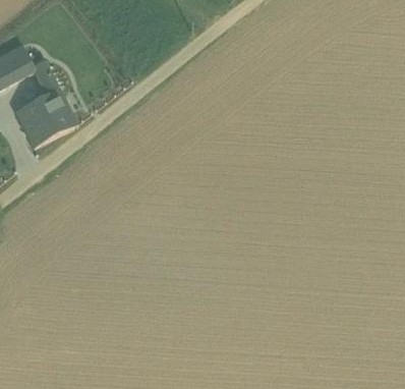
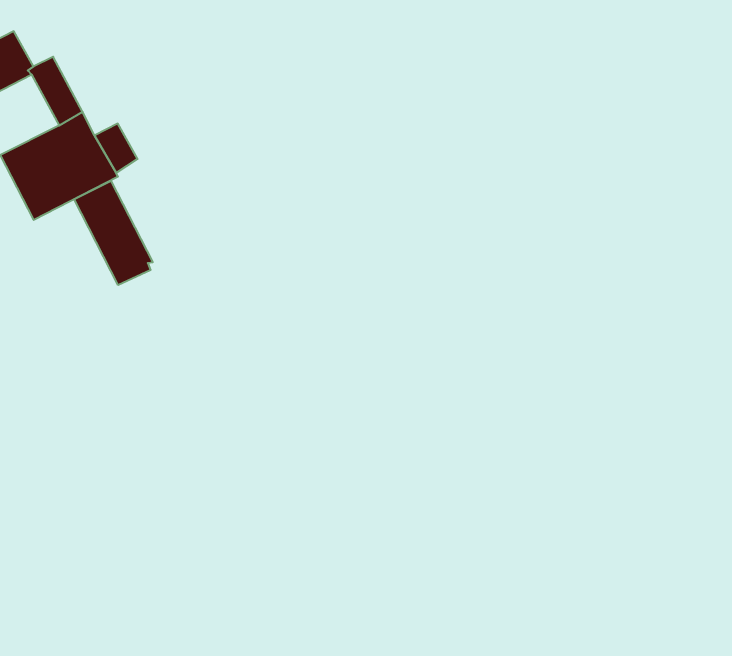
building: none -> [74,181,153,285]

